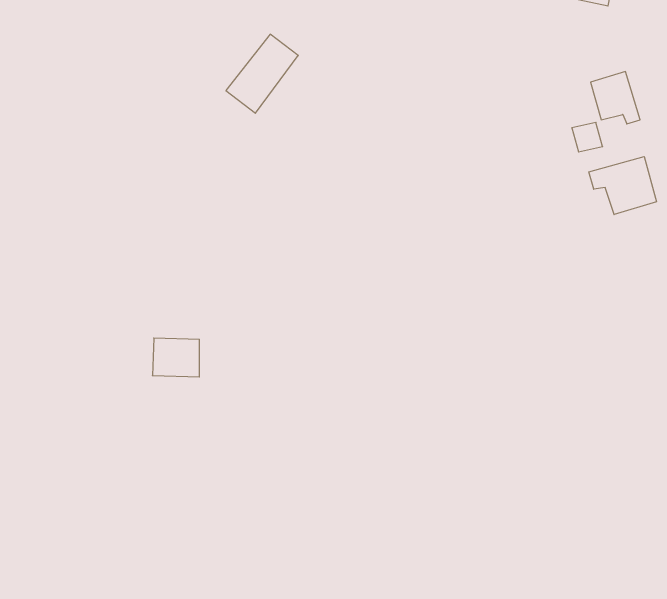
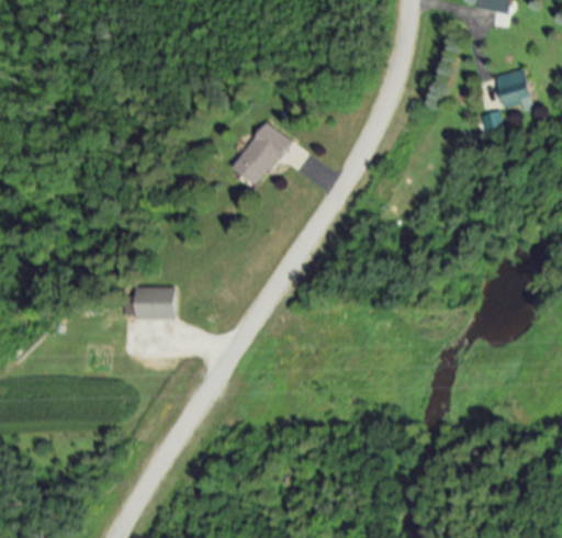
building: [226,34,298,113] -> [229,122,289,187]
building: [589,157,657,215] -> none

